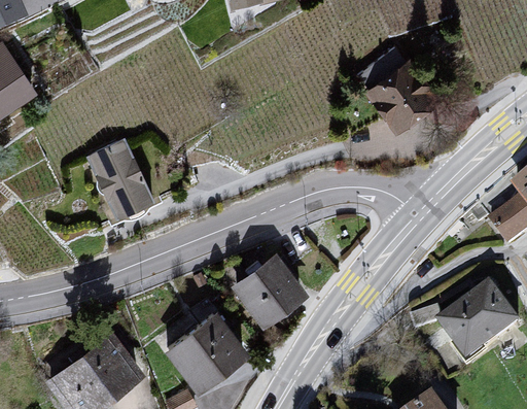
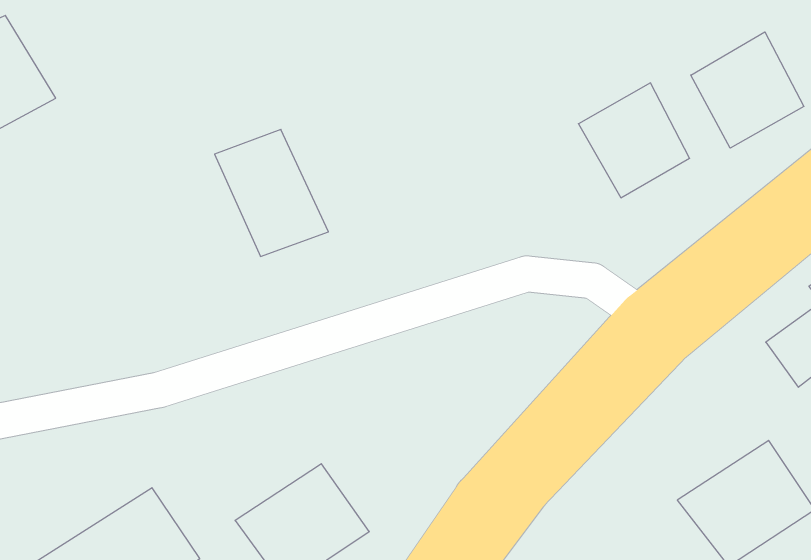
building: none -> [691,32,804,148]
building: [84,139,157,218] -> [215,129,328,256]
building: [229,253,306,329] -> none

